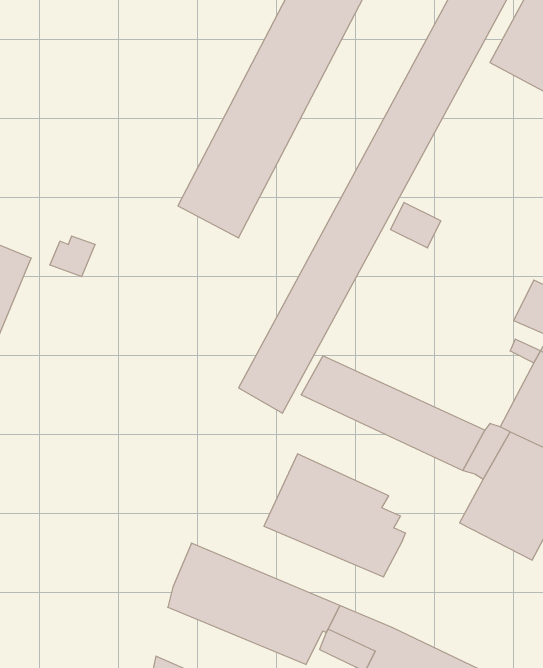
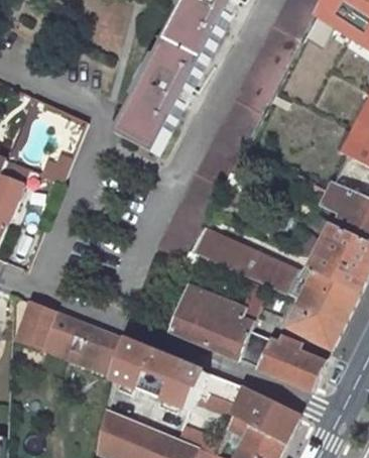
building: none -> [17,301,125,364]
building: none -> [240,332,322,387]

